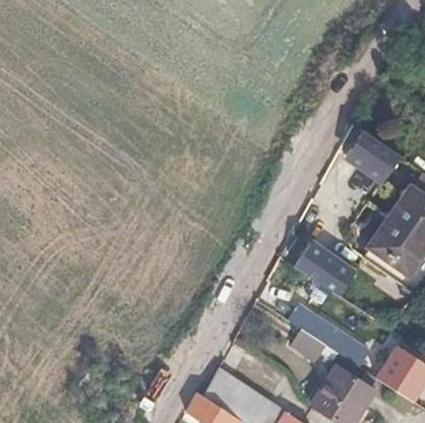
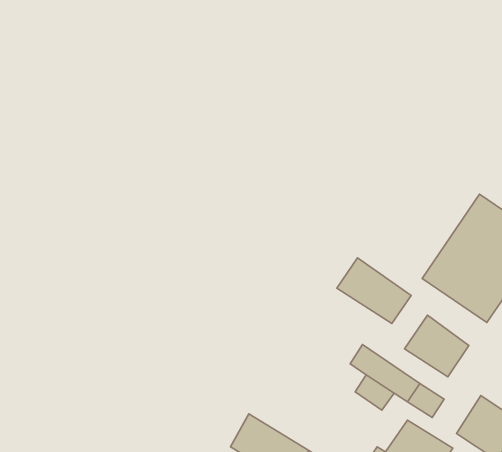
building: [335,124,391,176] -> none
building: none -> [405,315,469,377]

